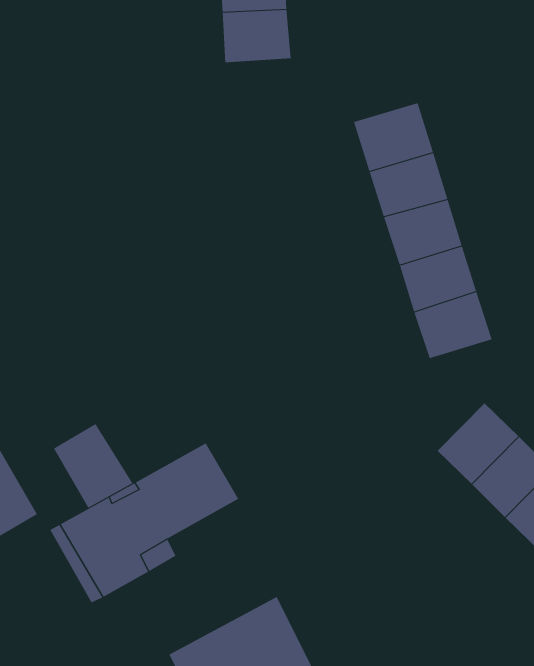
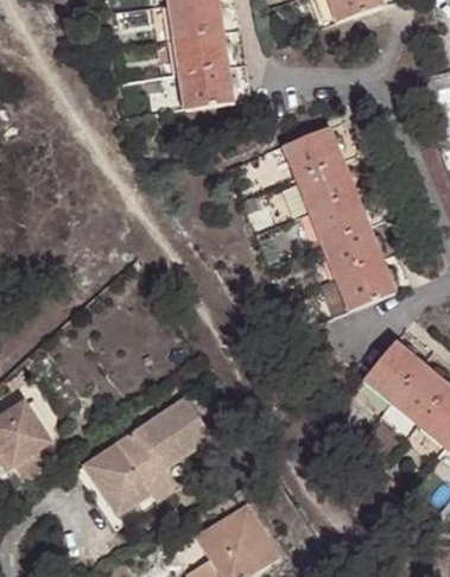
building: [53,423,133,509] -> none

